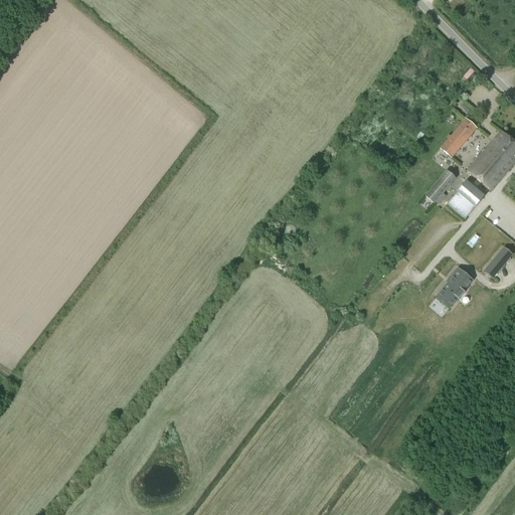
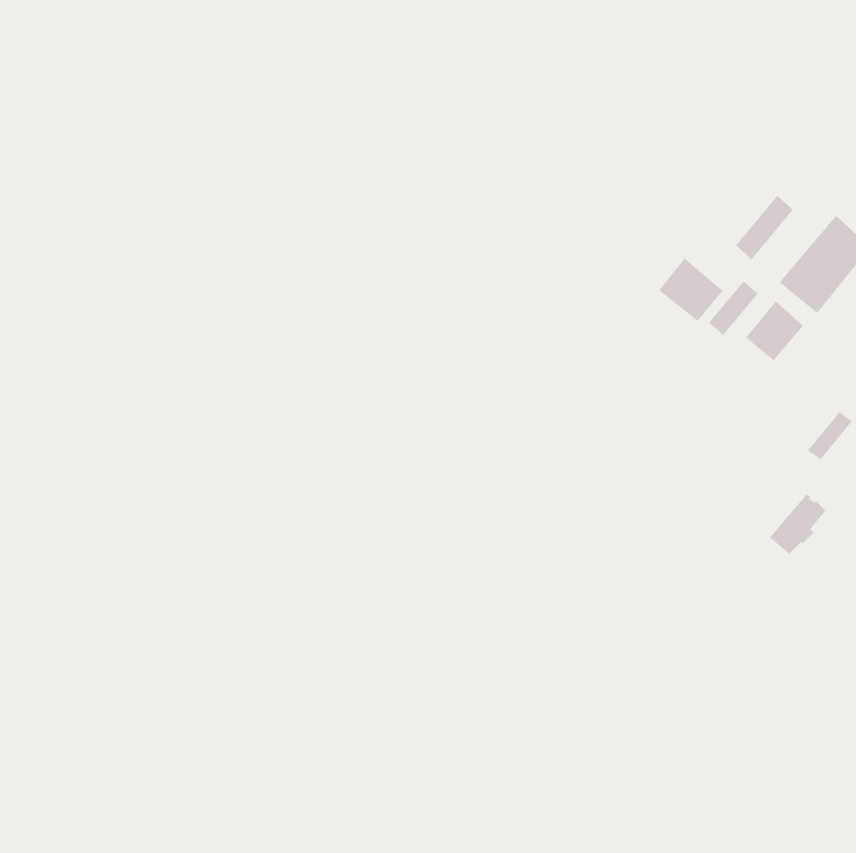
building: none -> [659,258,724,322]
building: [439,268,473,304] -> [769,494,826,554]

